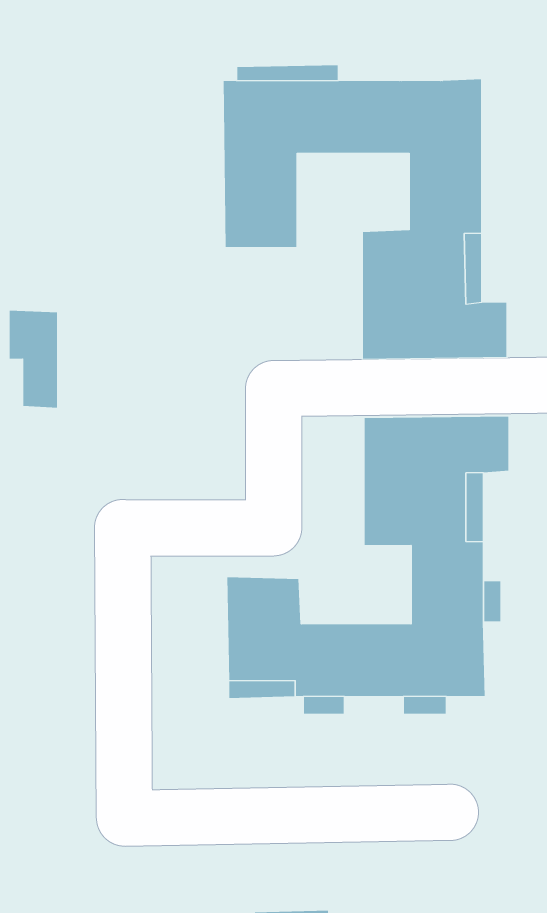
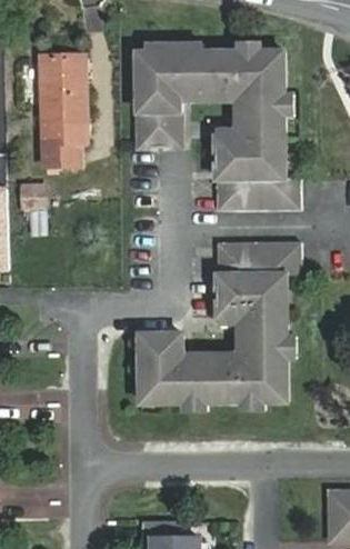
building: none -> [38,56,87,166]

